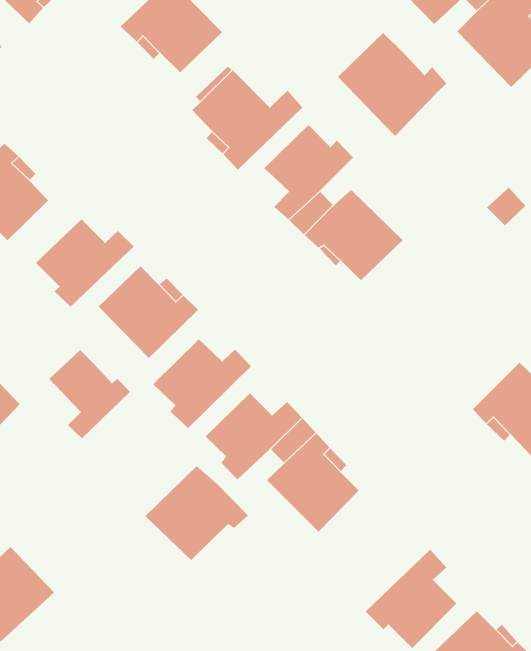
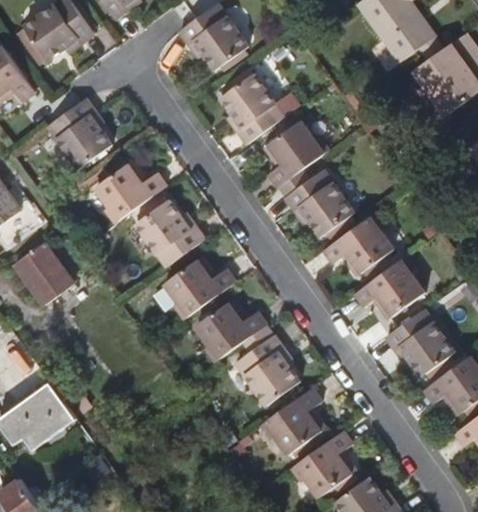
building: [337,32,447,137] -> none
building: none -> [322,212,393,275]
building: none -> [353,254,422,315]
building: [49,349,131,439] -> none
building: [145,465,249,561] -> none
building: none -> [259,388,323,455]

